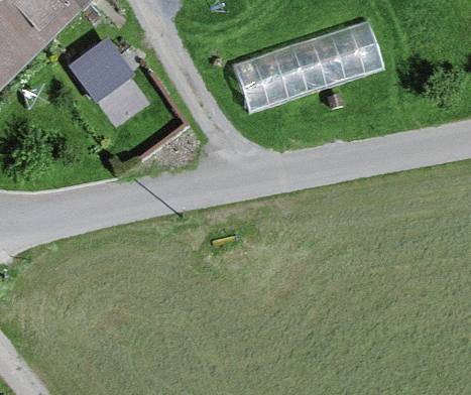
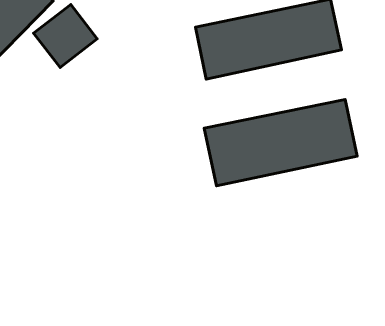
building: none -> [204,100,357,186]

